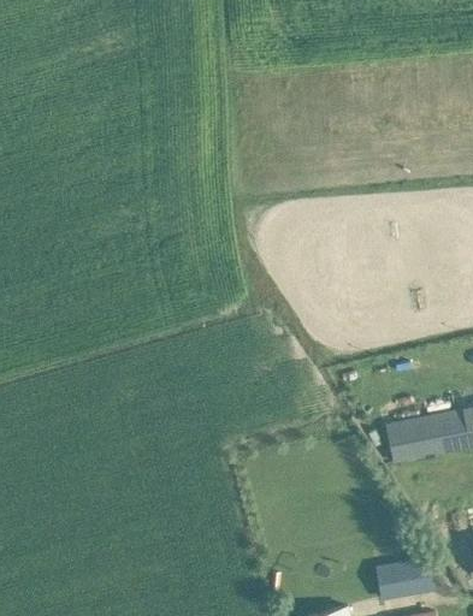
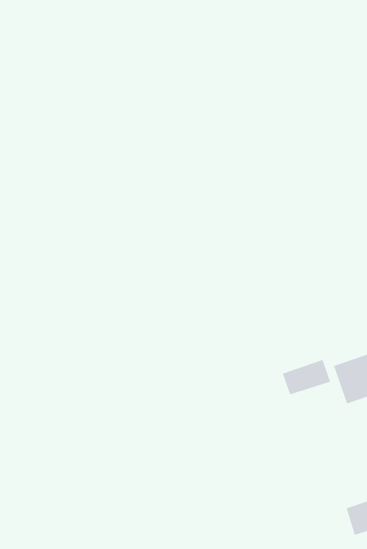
building: none -> [282,359,331,395]

